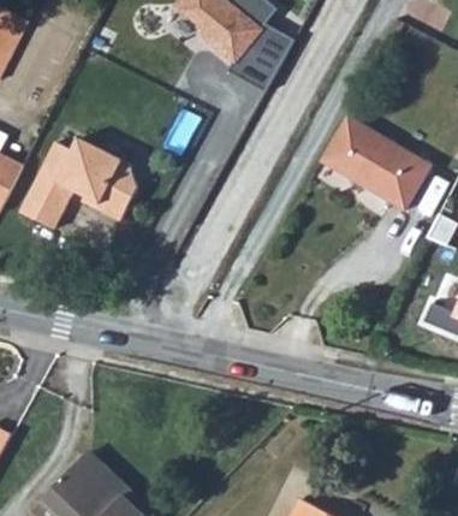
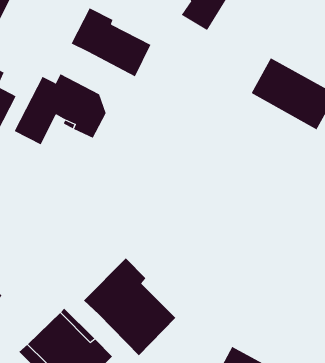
building: none -> [71,7,151,77]
building: none -> [83,258,176,356]

